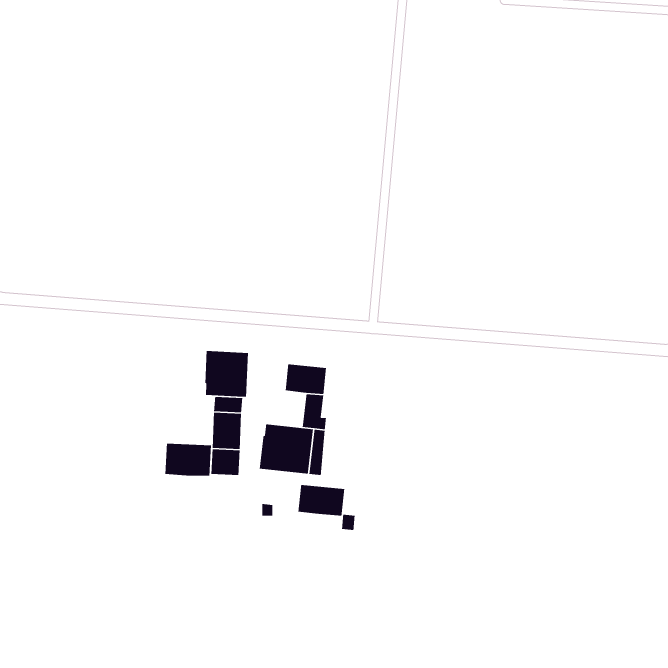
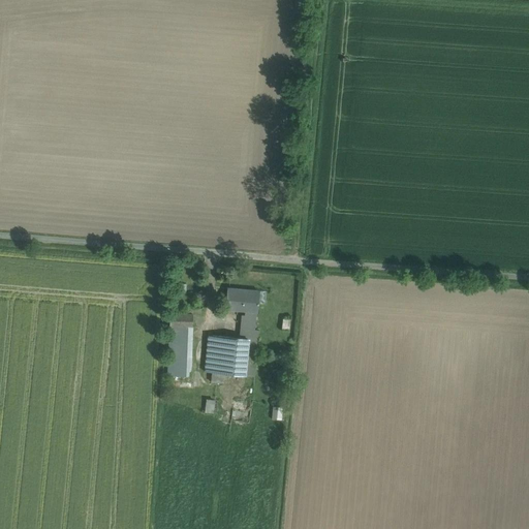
building: [204,350,249,398] -> none
building: [165,443,212,477] -> none
building: [298,484,345,516] -> none

